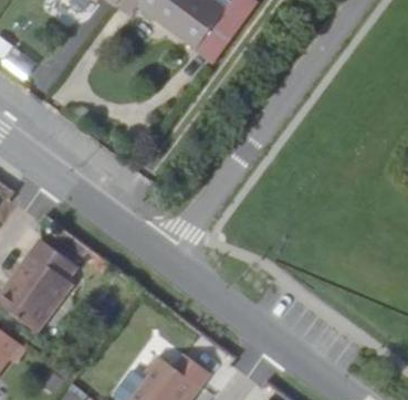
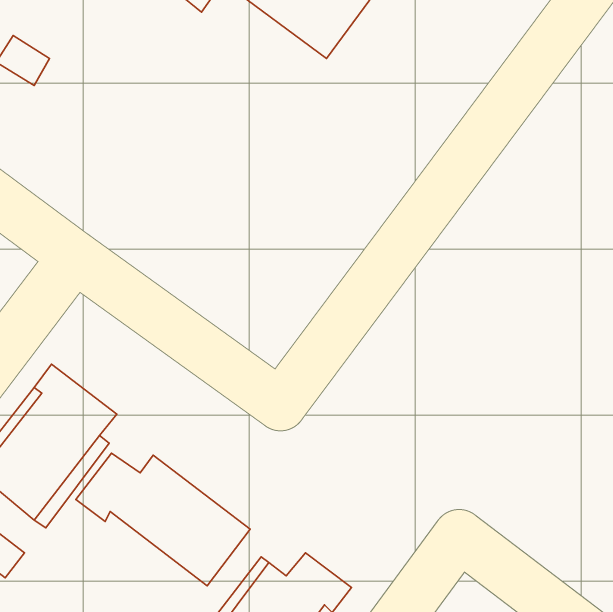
building: none -> [76,453,250,586]

